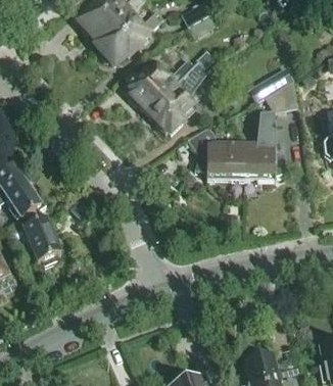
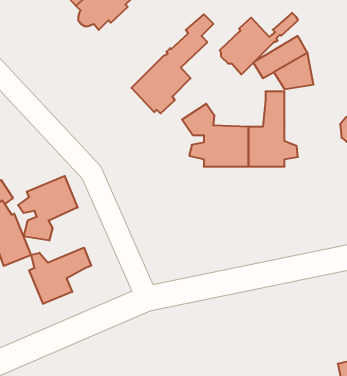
building: [127,58,193,110] -> [220,13,298,74]
building: none -> [18,176,78,241]
building: none -> [29,248,91,304]

